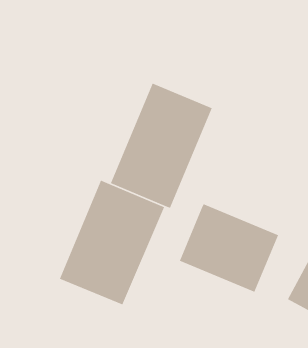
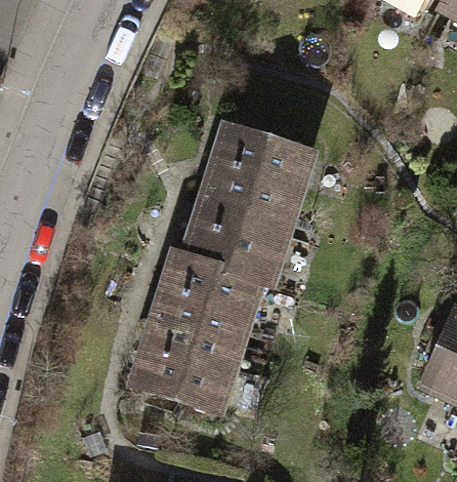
building: [179,203,279,293] -> none

